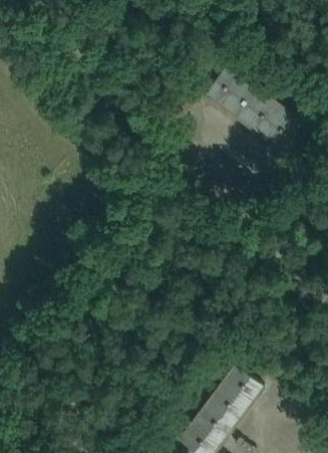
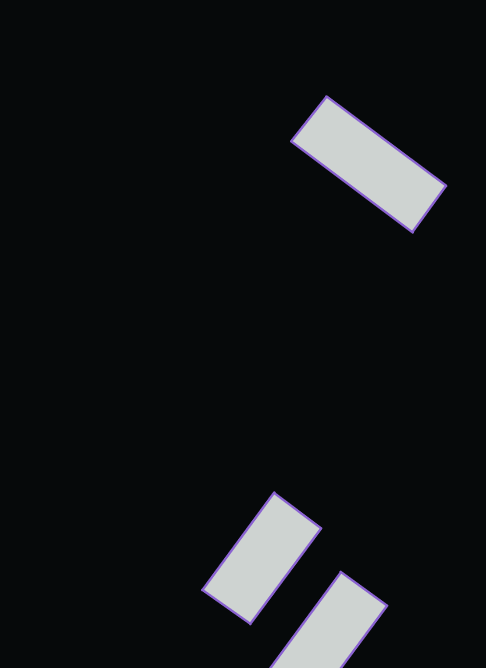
building: none -> [202,493,321,624]

